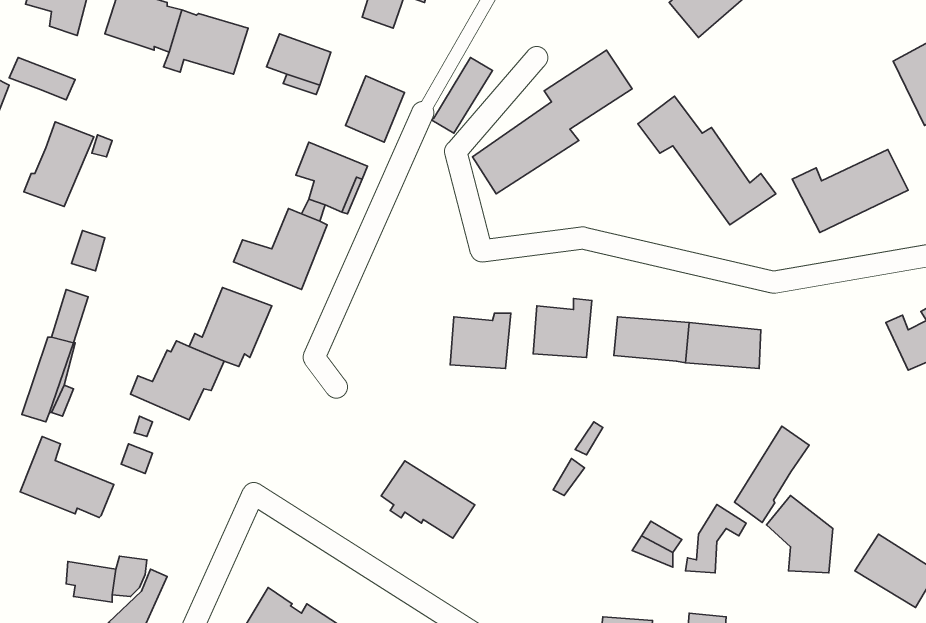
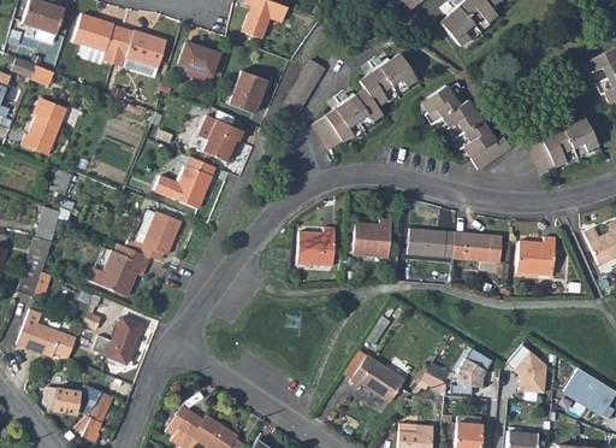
building: none -> [519,237,558,276]
building: [734,426,809,523] -> none
building: none -> [91,317,142,365]
building: [381,461,475,538] -> [342,350,403,401]

